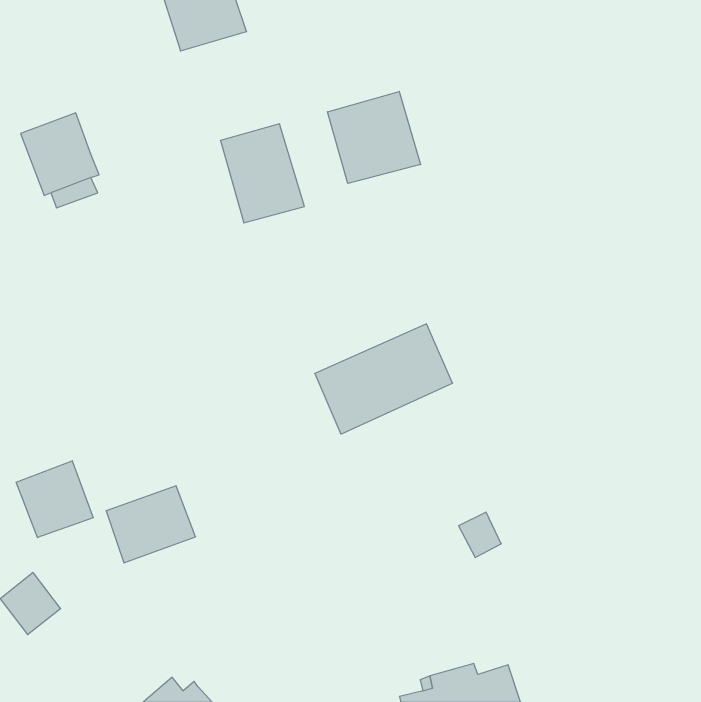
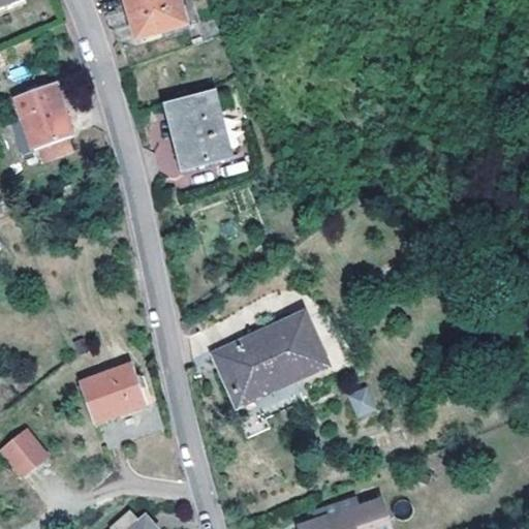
building: [327,91,421,183] -> none
building: [315,324,453,434] -> [218,318,321,401]
building: [16,461,93,538] -> none

